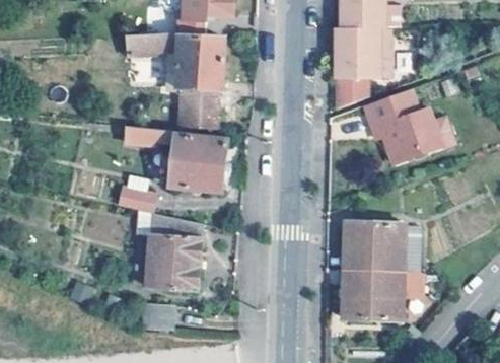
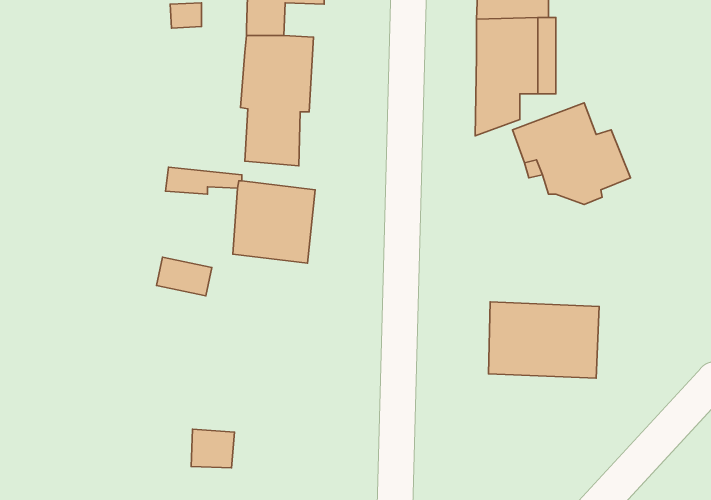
building: [128,33,180,56] -> none
building: [145,216,202,291] -> none
building: [342,268,417,318] -> none

